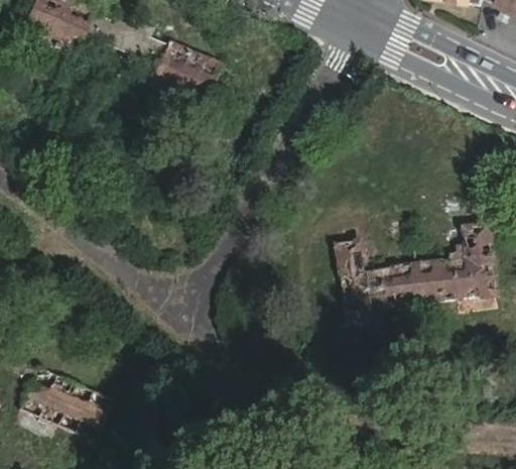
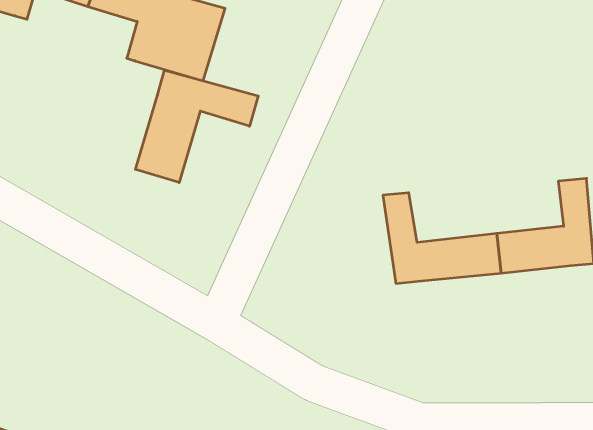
building: none -> [135,70,258,183]

